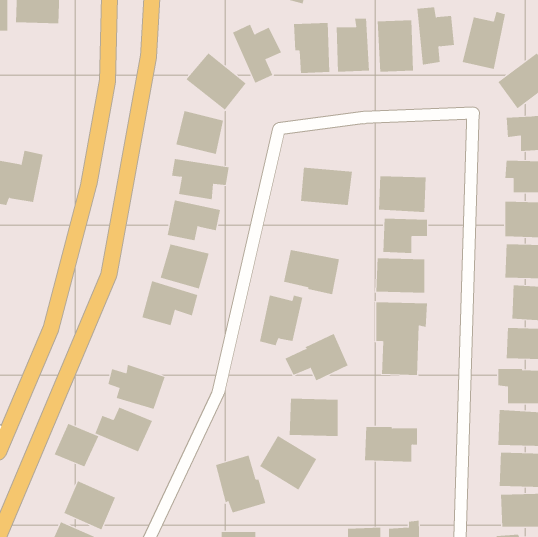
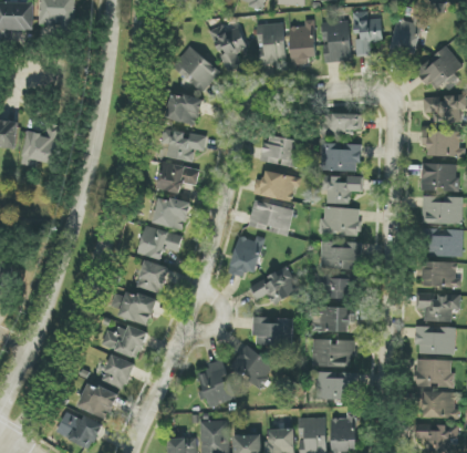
building: none -> [321,113,360,133]
building: none -> [252,169,301,203]
building: none -> [136,259,167,294]
building: none -> [314,307,351,331]
building: [54,423,99,467] -> [100,354,135,389]
building: none -> [314,371,355,400]

